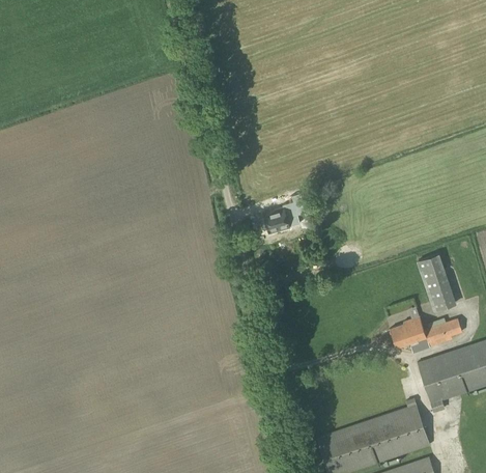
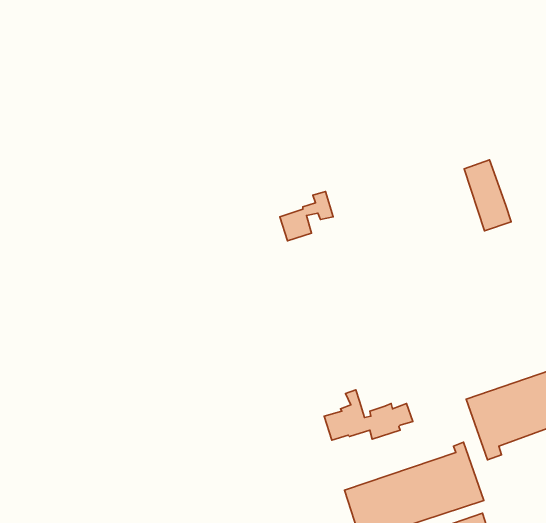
building: [418,253,456,311] -> [464,160,511,231]
building: [391,306,463,347] -> [324,390,413,440]

